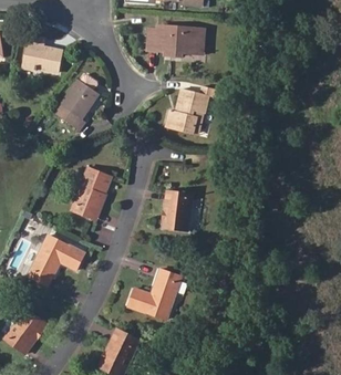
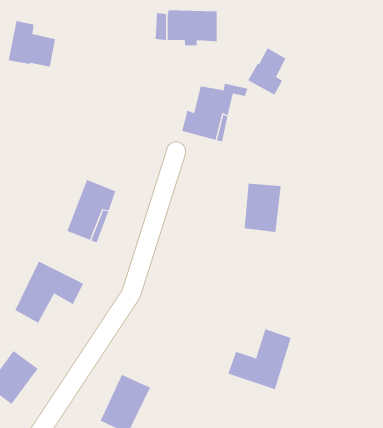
building: none -> [248,47,286,95]
building: [54,75,99,132] -> none
building: [162,190,193,231] -> [244,183,281,232]
building: [127,269,180,320] -> [228,329,292,390]

